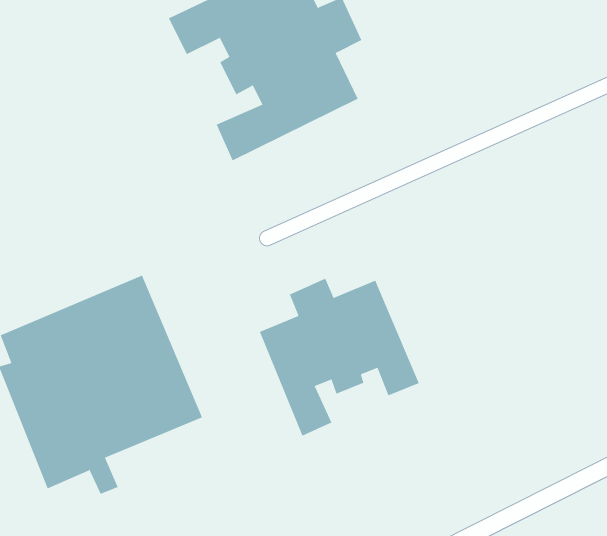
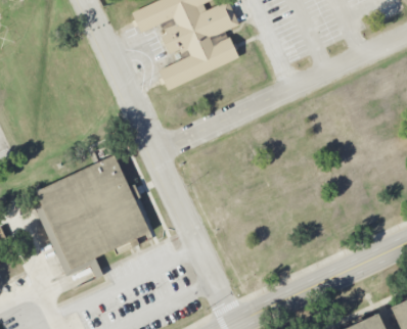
building: [259,278,419,436] -> none

